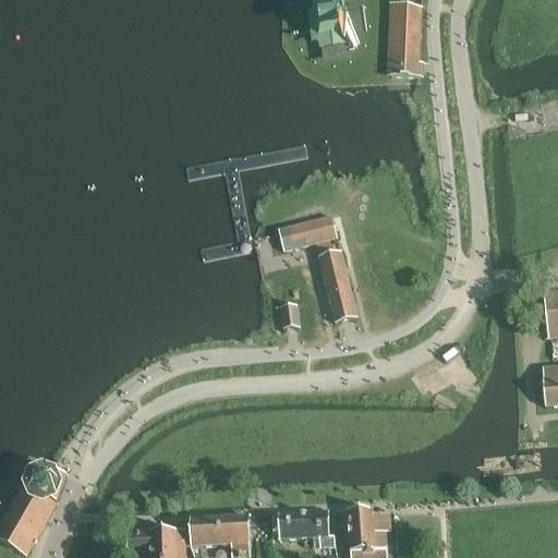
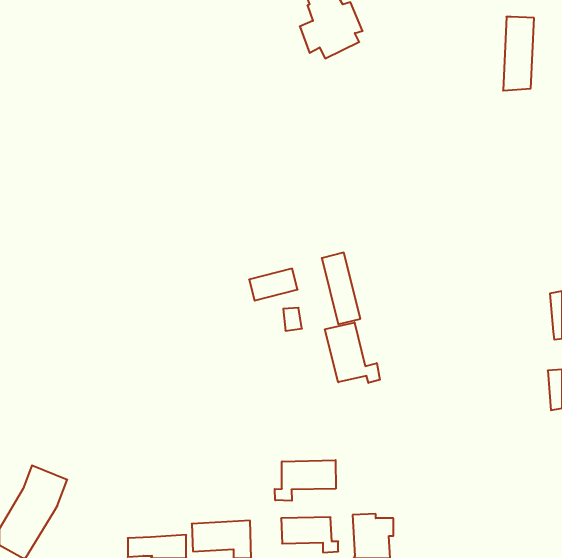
building: [390,4,421,77] -> [503,17,534,91]
building: [289,215,337,246] -> [249,269,298,301]
building: none -> [325,322,380,383]
building: none -> [275,460,336,501]

